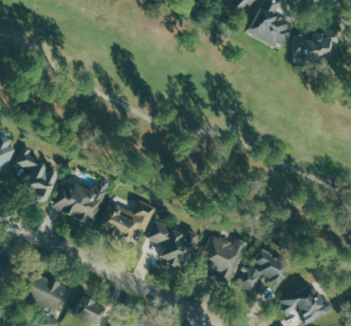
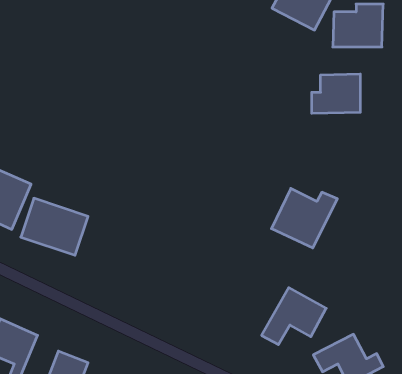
building: none -> [312,74,360,113]
building: [97,200,155,242] -> none
building: [147,221,196,270] -> none
building: [197,235,248,281] -> [271,188,337,248]

